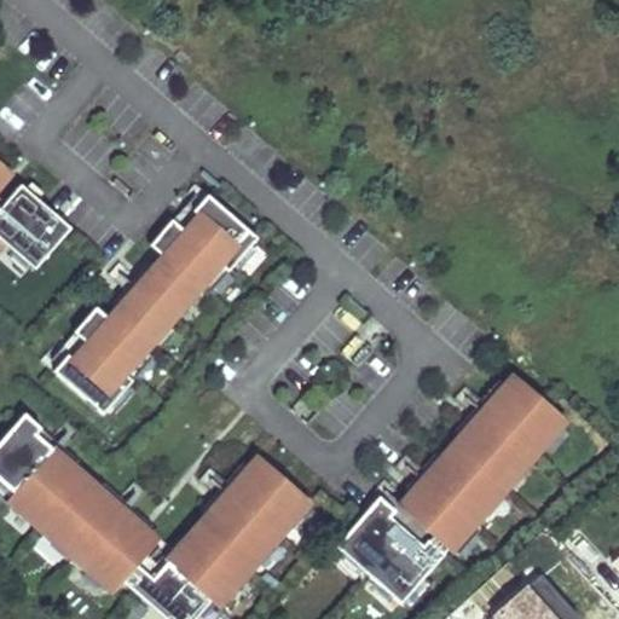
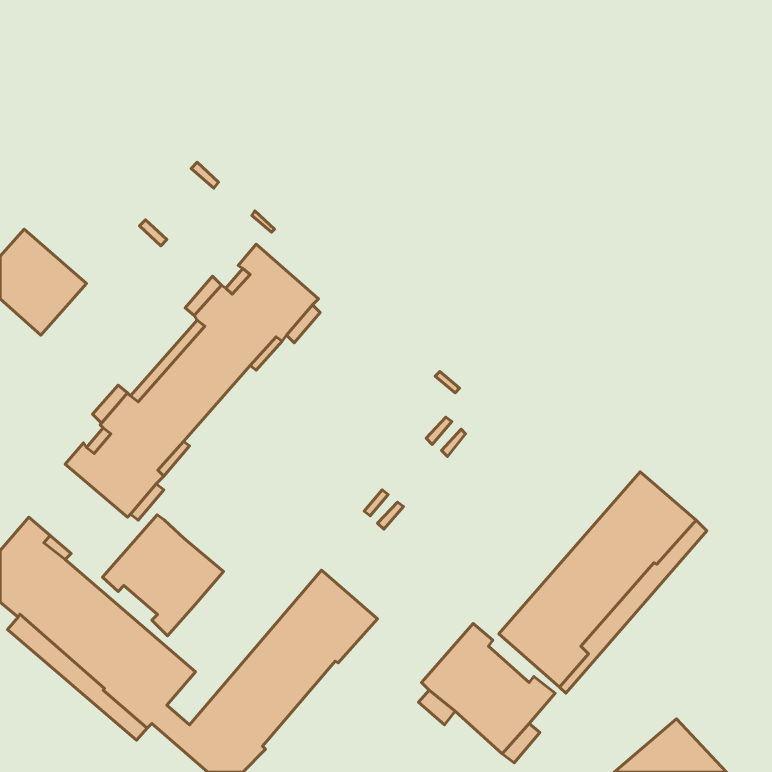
building: none -> [103,515,223,636]

